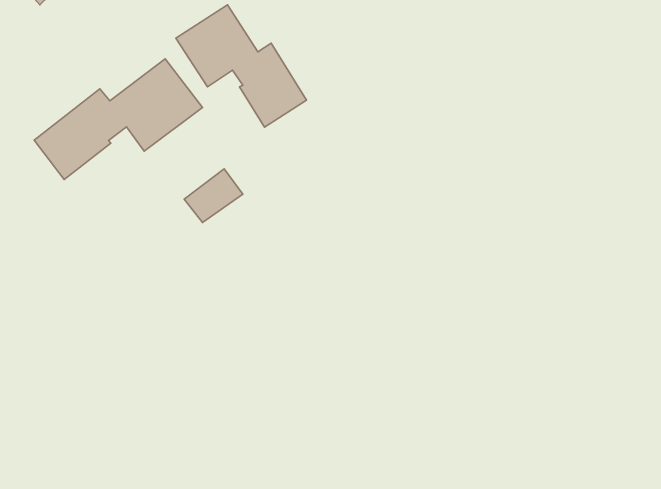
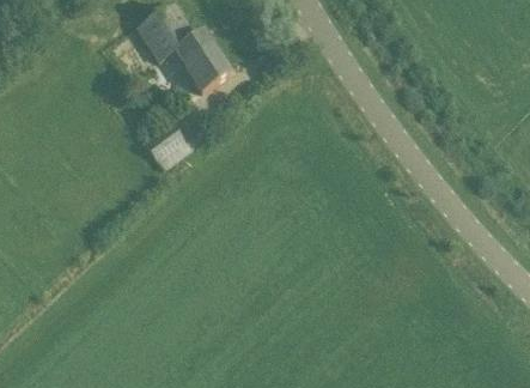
building: [34,59,202,179] -> none

